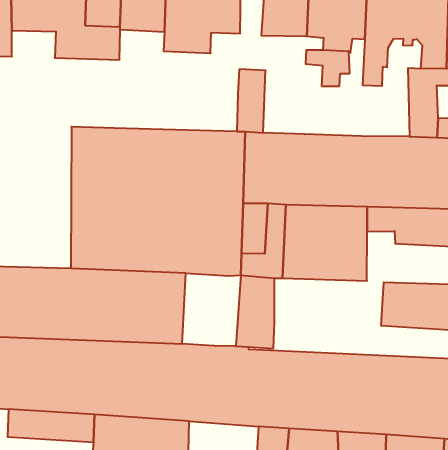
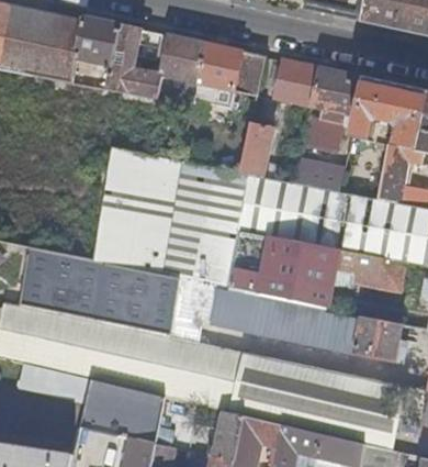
building: none -> [295,160,345,192]
building: none -> [170,279,216,341]
building: none -> [247,294,339,346]

